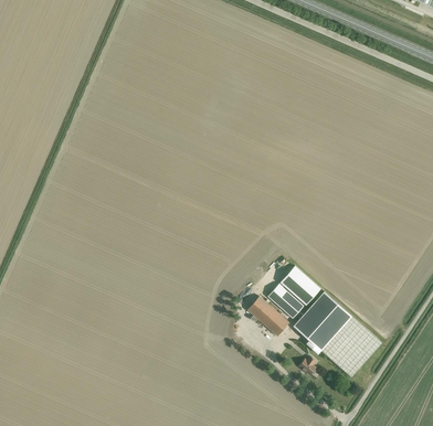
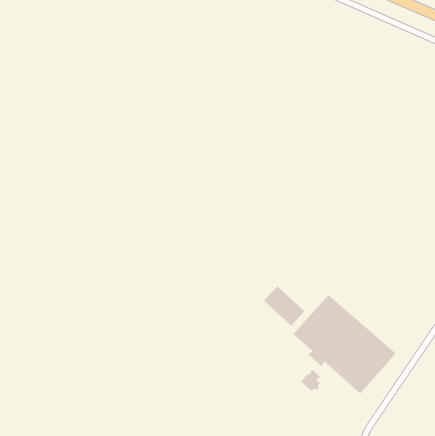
building: [278,264,318,302] -> none
building: [246,294,288,333] -> none

